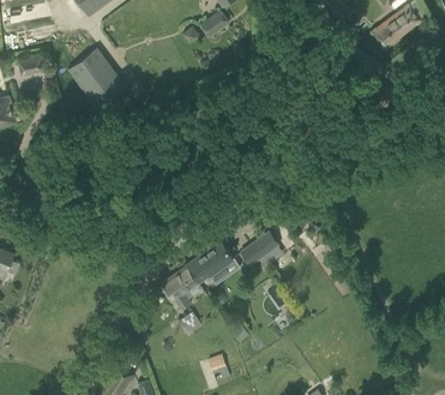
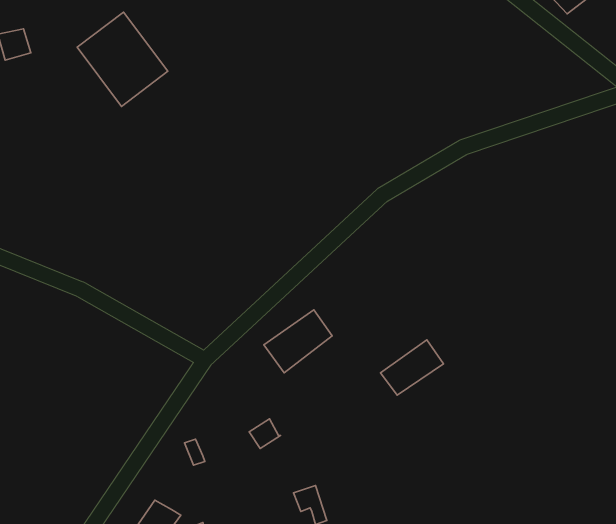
building: [239,229,279,265] -> [380,340,443,395]
building: [162,263,202,310] -> none

